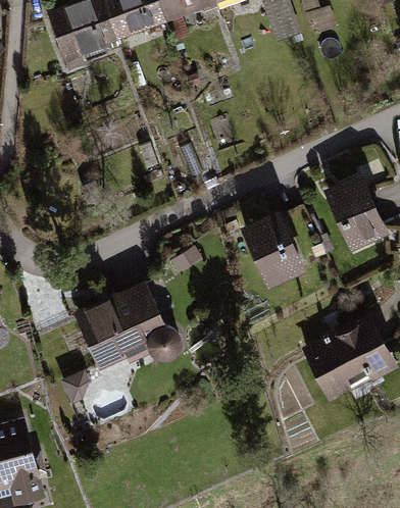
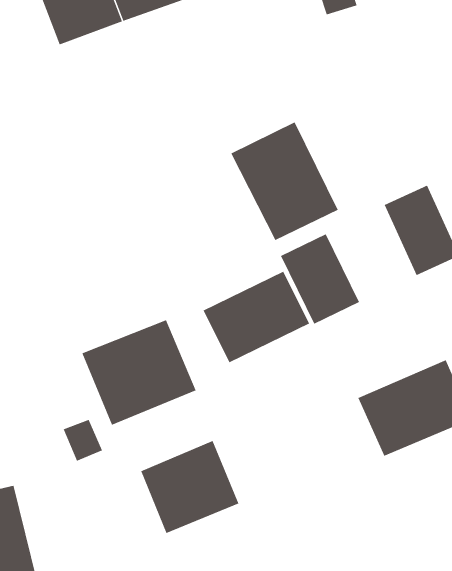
building: none -> [231,122,339,241]
building: none -> [203,271,310,363]
building: none -> [141,440,239,534]

